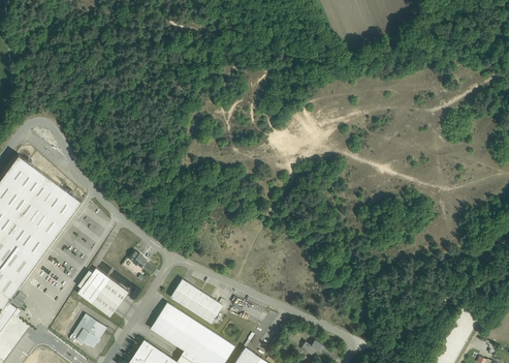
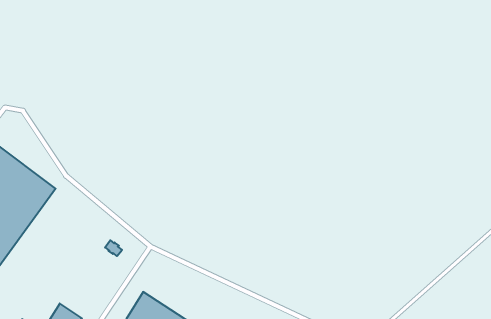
building: [76,269,128,319] -> none
building: [169,280,222,325] -> none

